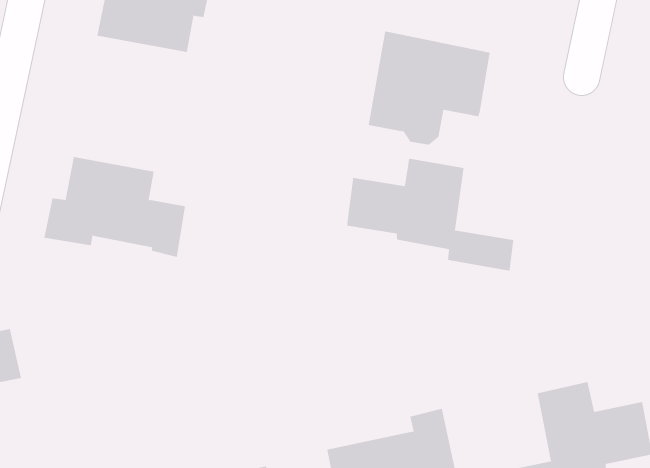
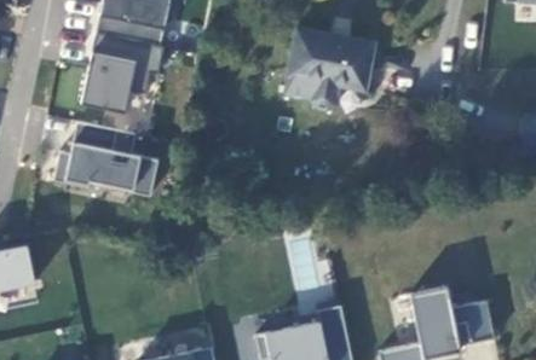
building: none -> [75,31,157,110]
building: [347,158,514,271] -> none

